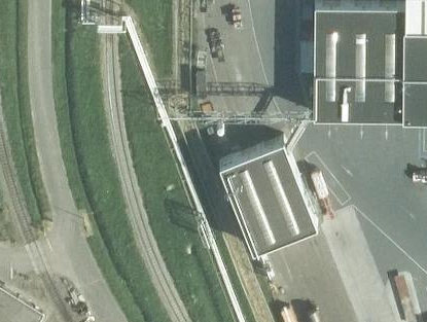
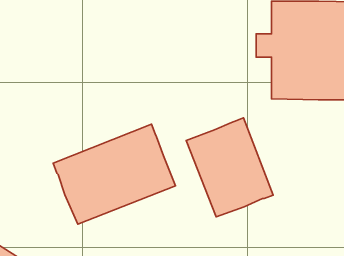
building: none -> [53,124,175,224]

